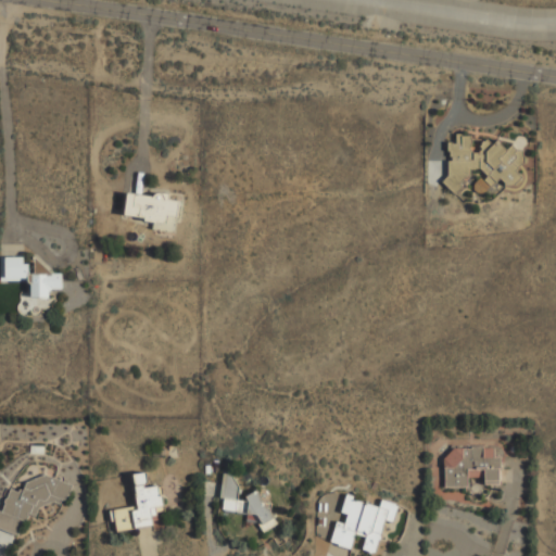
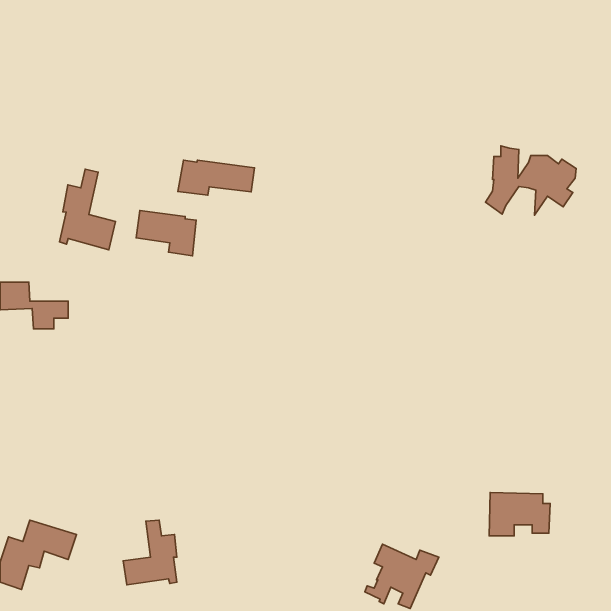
building: none -> [178,160,255,195]
building: none -> [59,169,115,250]
building: [219,473,276,532] -> none

